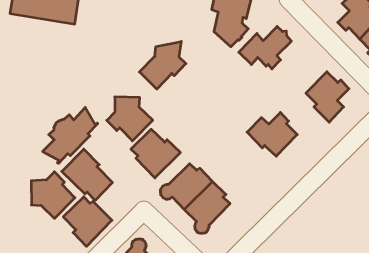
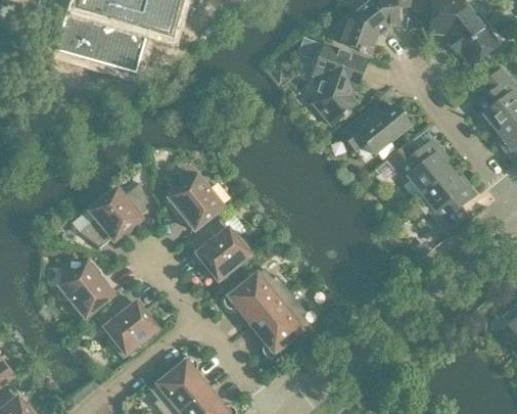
building: [139,41,186,89] -> none
building: [247,112,297,156] -> [387,138,451,193]
building: [62,149,112,200] -> none

